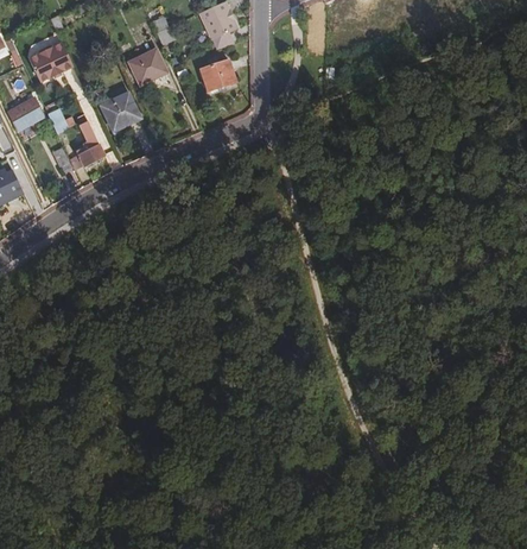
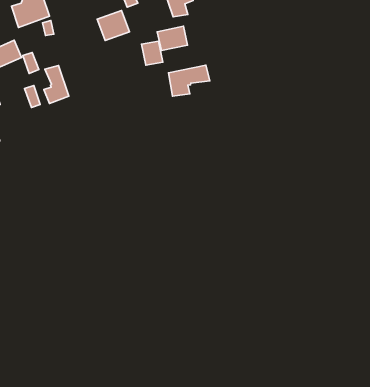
building: none -> [141,41,163,65]
building: [100,91,141,131] -> none
building: none -> [169,65,210,96]

